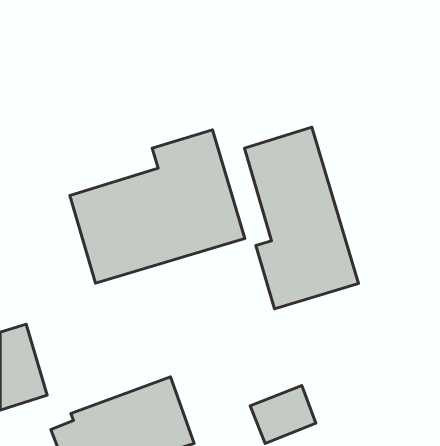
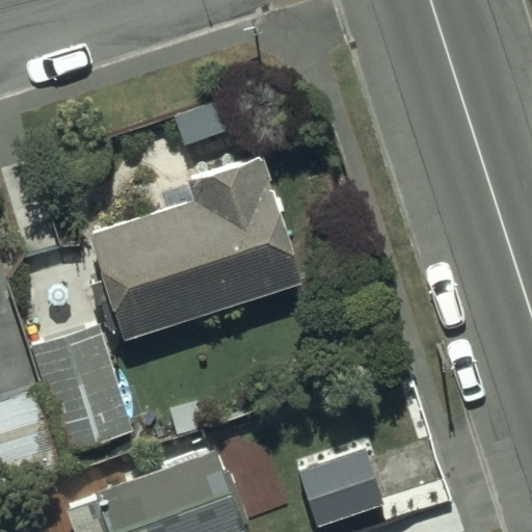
building: [244,127,359,309] -> none
building: none -> [32,321,160,451]

